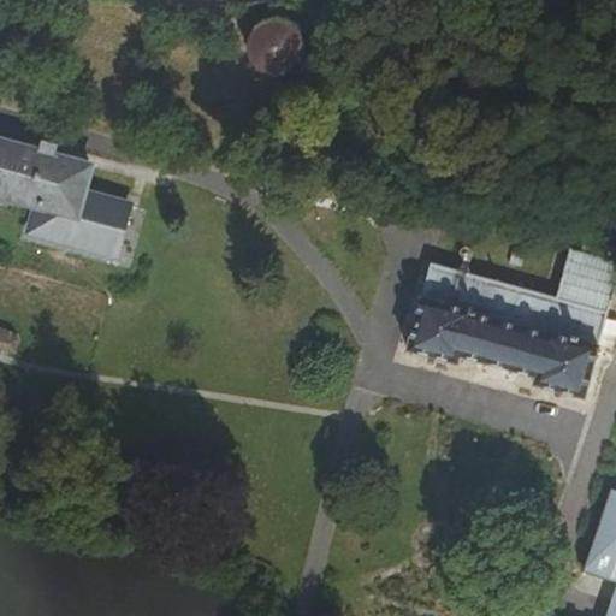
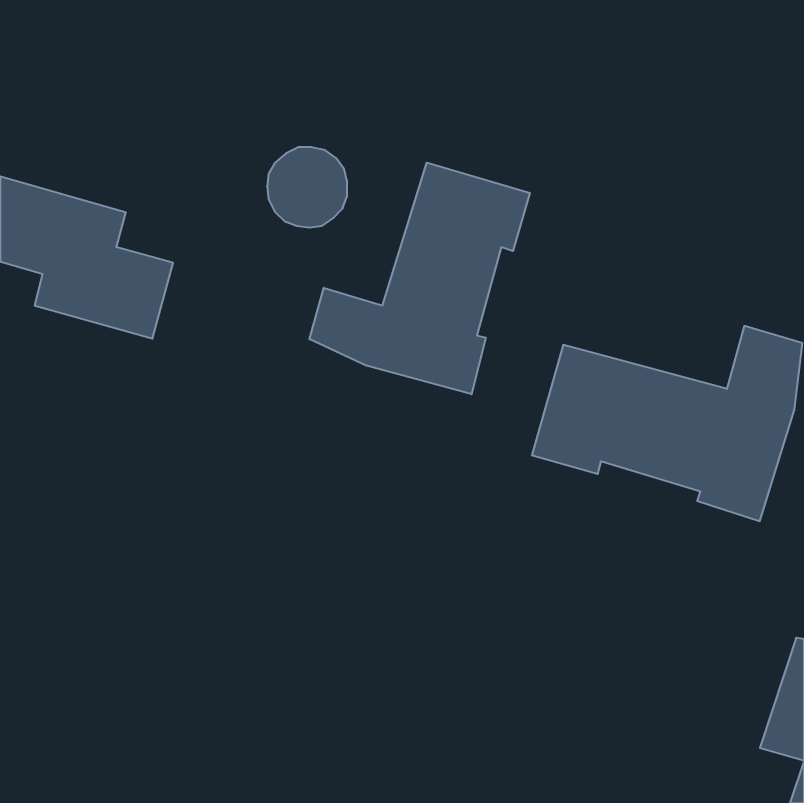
building: [243,22,304,83] -> [267,147,347,227]
building: none -> [309,163,530,394]

